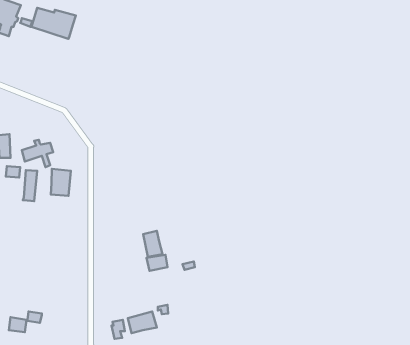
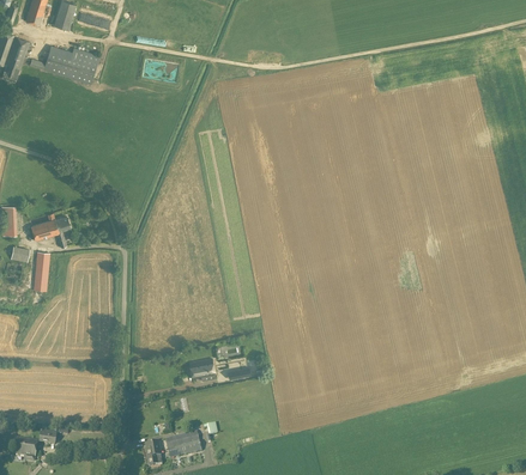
building: [51,169,71,196] -> none
building: [143,231,163,257] -> none

